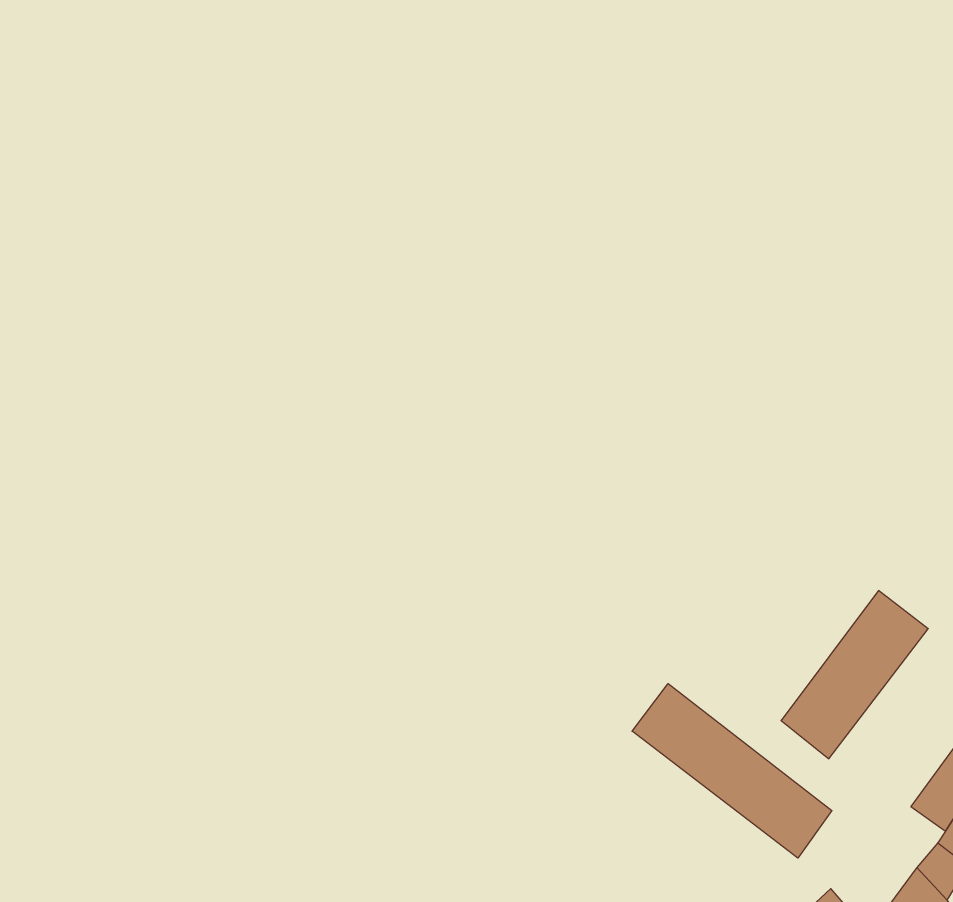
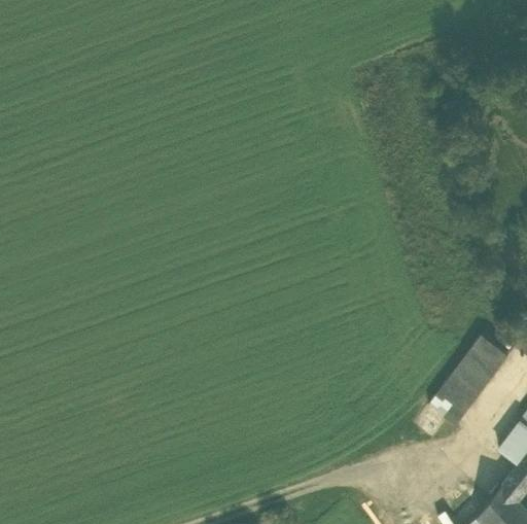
building: [632,684,832,858] -> none

